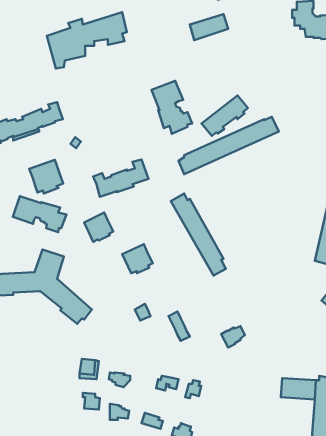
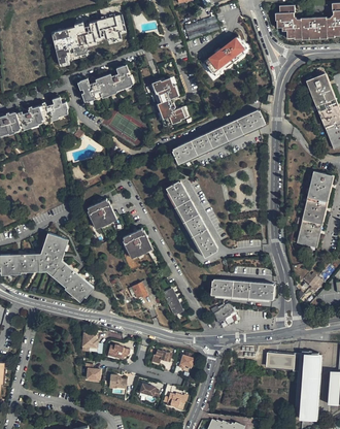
building: [202,95,248,136] -> [204,35,246,72]
building: [93,160,148,197] -> [80,65,131,99]
building: [29,160,63,193] -> none
building: [13,196,67,232] -> none
building: none -> [211,279,274,299]

